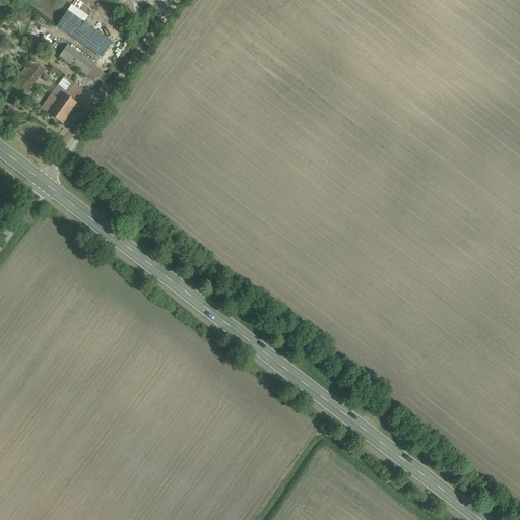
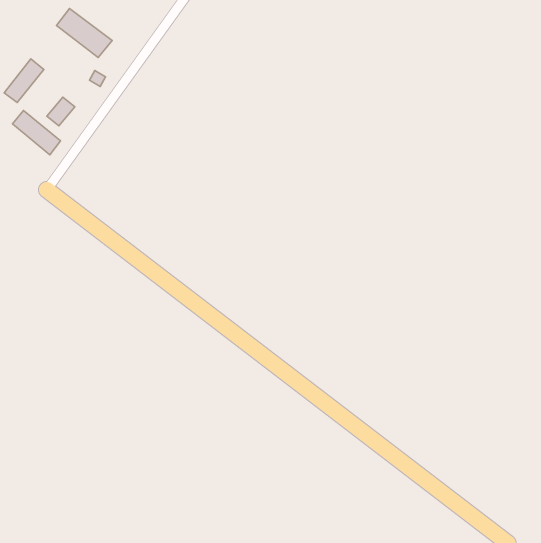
building: [59,42,93,73] -> none
building: none -> [12,110,61,155]

